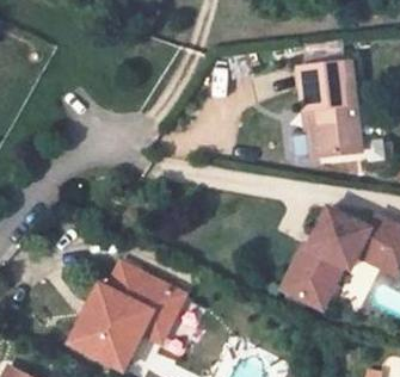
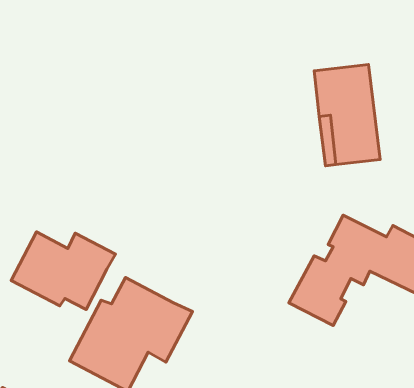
building: none -> [11,232,116,310]

